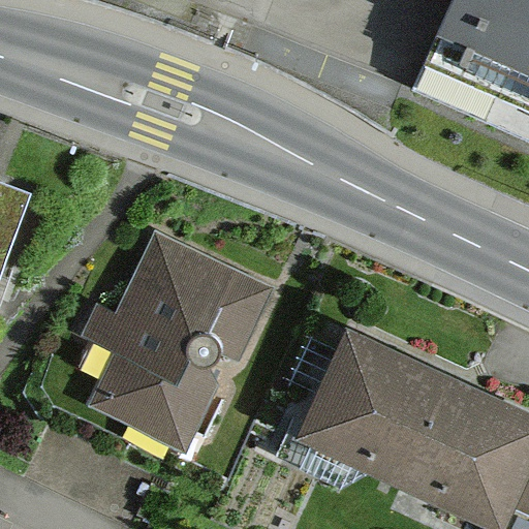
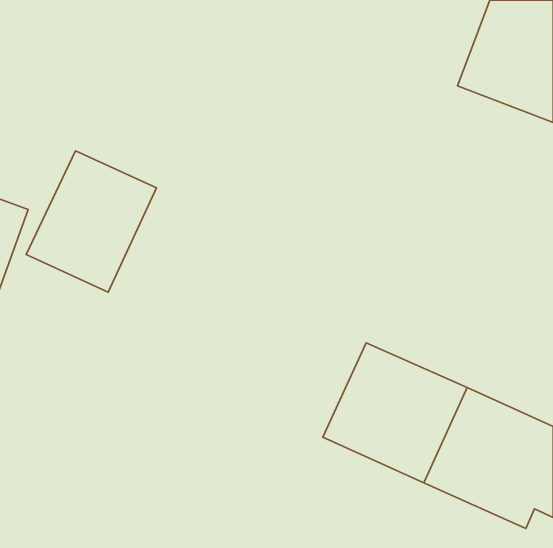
building: none -> [26,151,157,292]
building: [97,240,261,439] -> none

